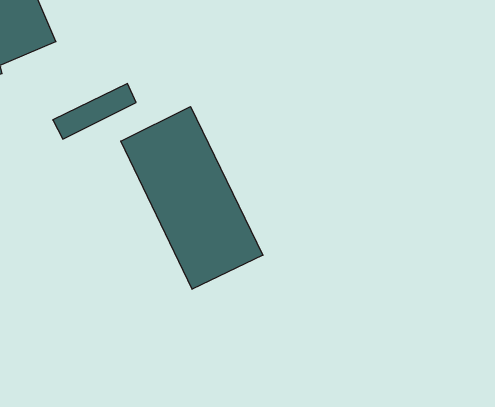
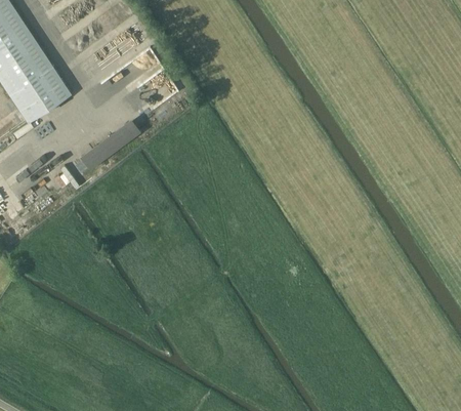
building: [121,107,263,289] -> none

